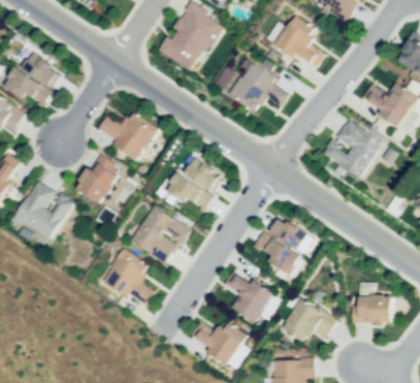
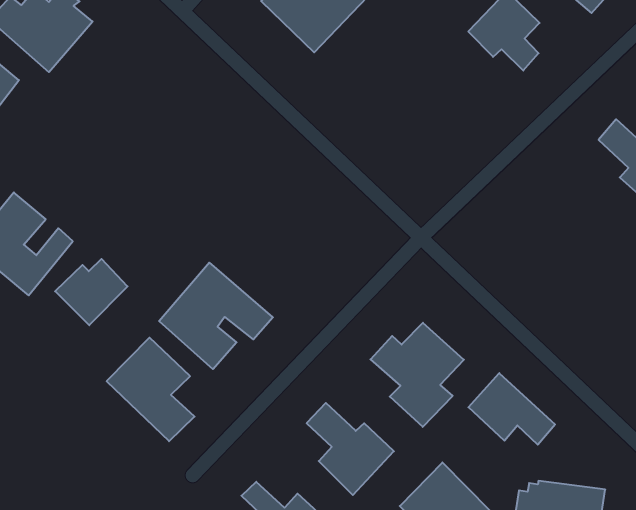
building: [214,57,290,113] -> none
building: [97,109,155,158] -> none
building: [323,120,382,179] -> none
building: [165,161,225,212] -> none
building: [78,162,120,201] -> [55,259,128,325]
building: none -> [468,373,555,445]

